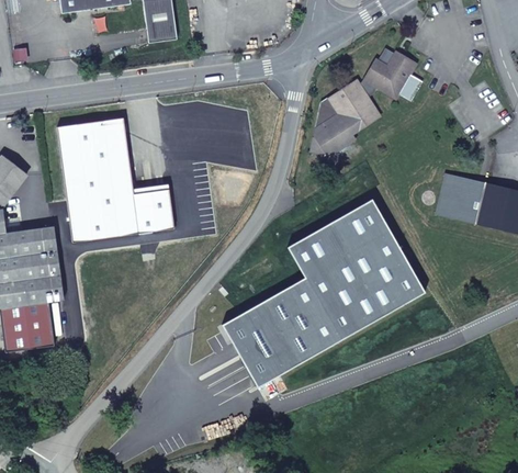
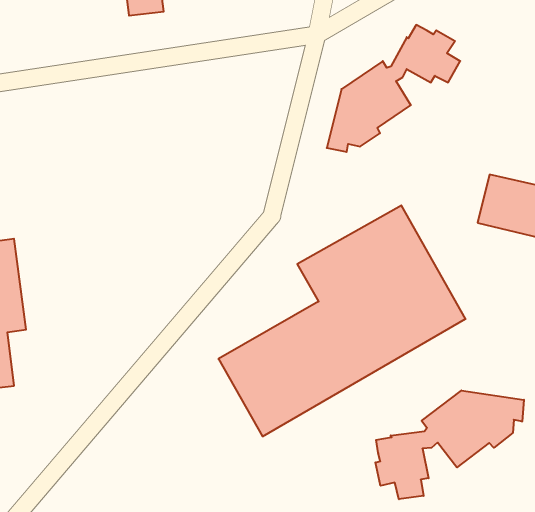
building: [56,117,173,241] -> none
building: none -> [375,390,524,499]

